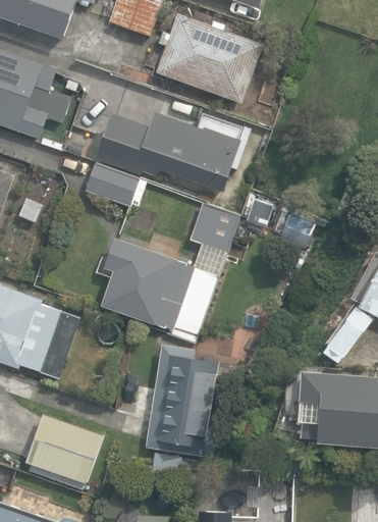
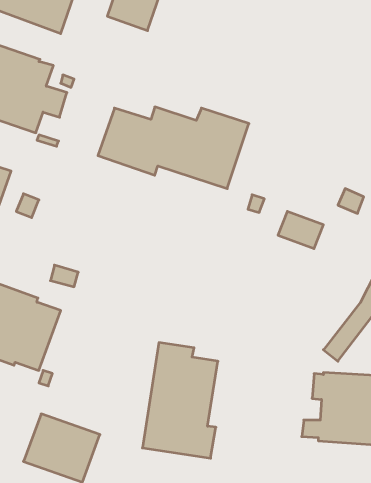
building: [156,15,260,102] -> none
building: [85,163,146,207] -> none
building: [100,200,238,345] -> none

